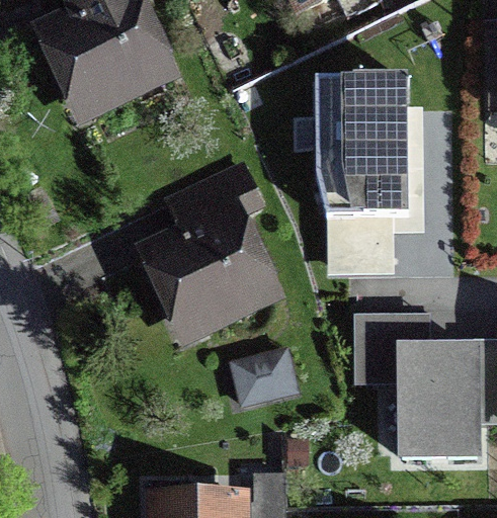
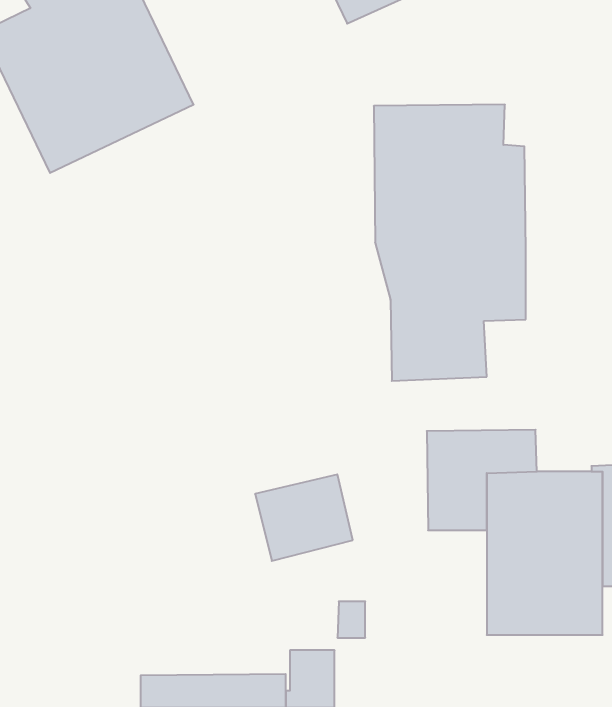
building: [134,159,286,347] -> none

